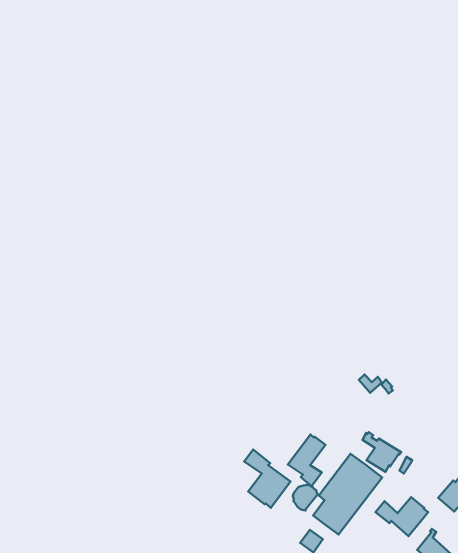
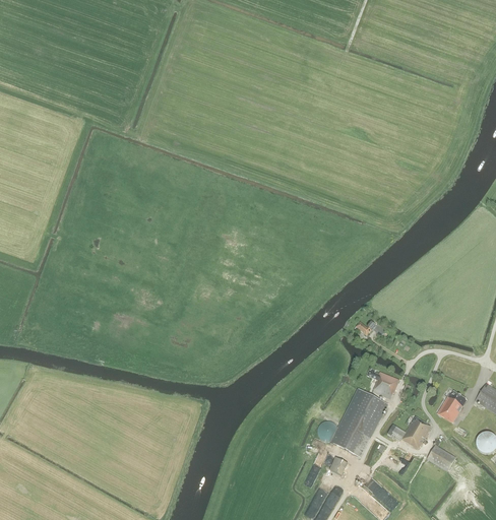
building: [288,434,325,486] -> none
building: [244,449,291,508] -> none

